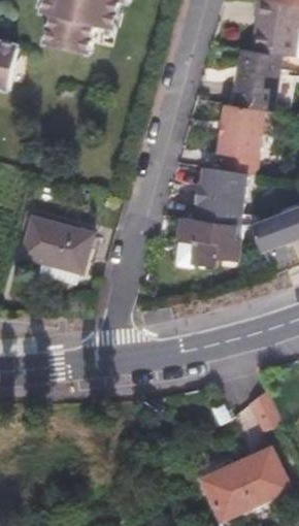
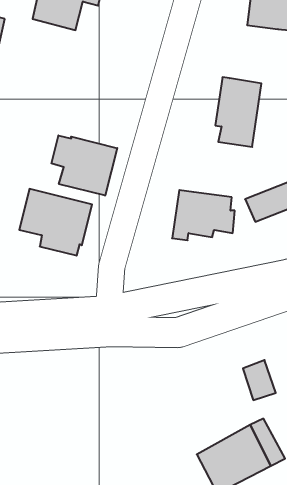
building: [235,48,284,109] -> none
building: none -> [51,135,117,196]
building: [198,167,250,224] -> none

